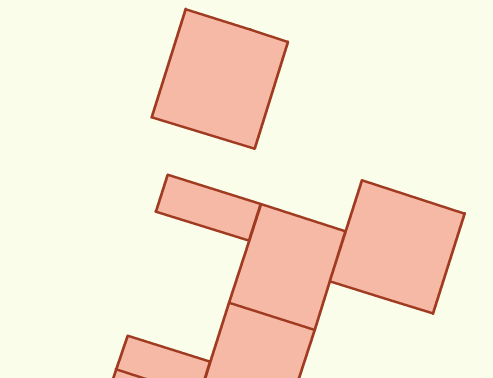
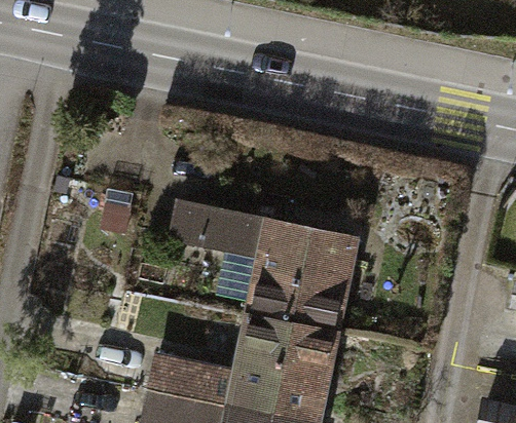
building: [152,9,288,149] -> none
building: [330,180,465,314] -> none

